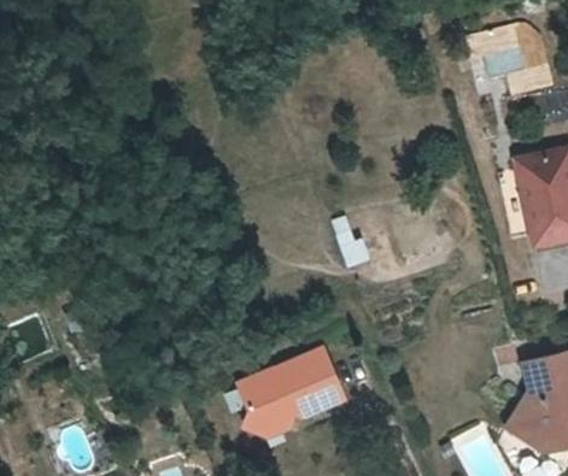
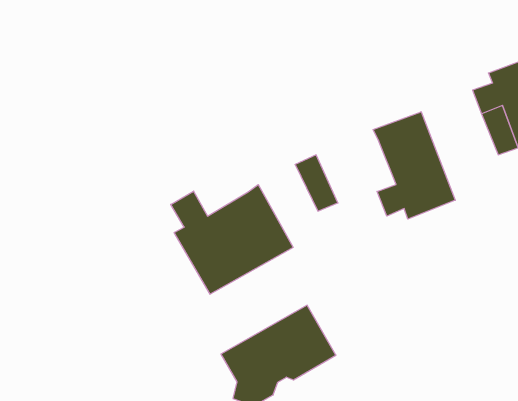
building: none -> [373,112,455,219]
building: none -> [171,185,293,294]

